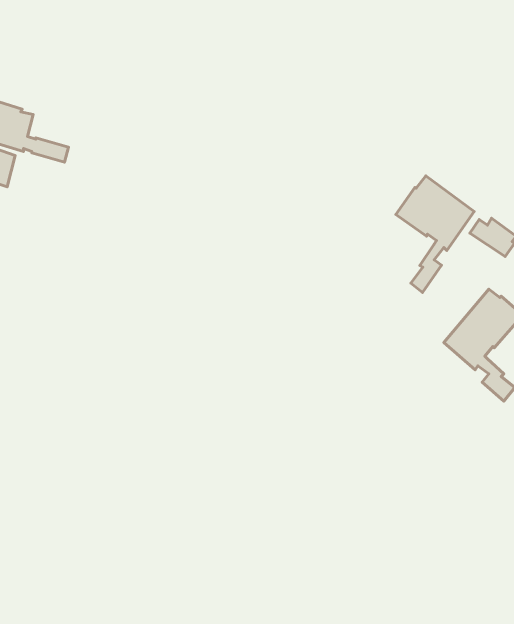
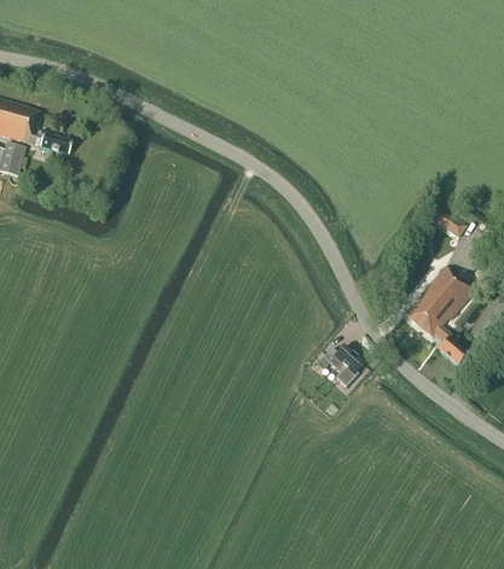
building: [396,176,474,292] -> none
building: none -> [317,344,364,389]

